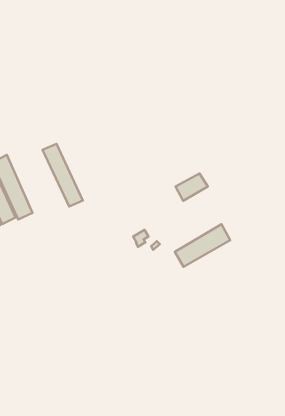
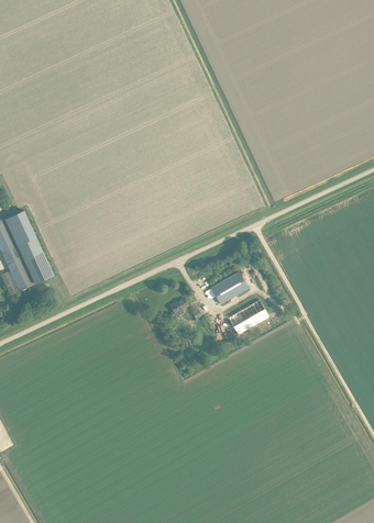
building: [43,144,83,206] -> none
building: [176,173,208,201] -> [211,272,249,304]

